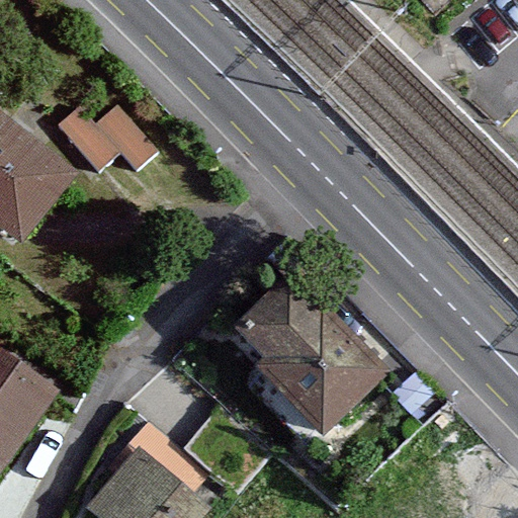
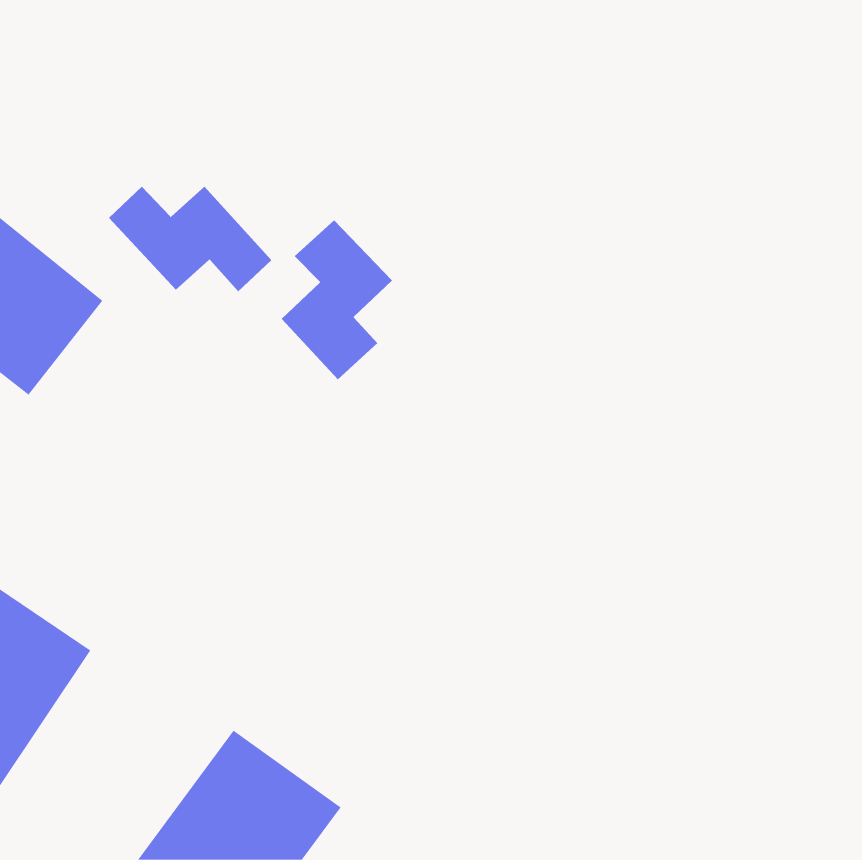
building: none -> [281,219,393,380]
building: [244,282,381,429] -> none

